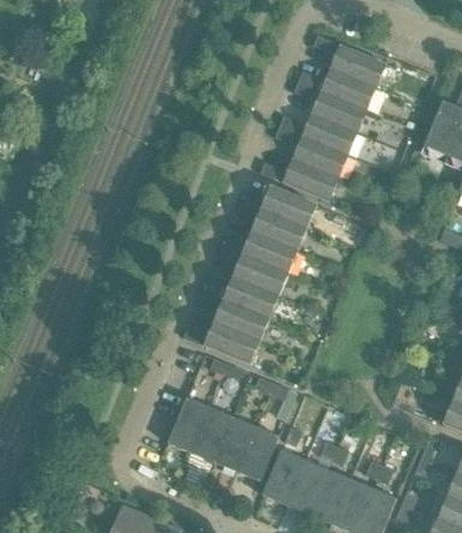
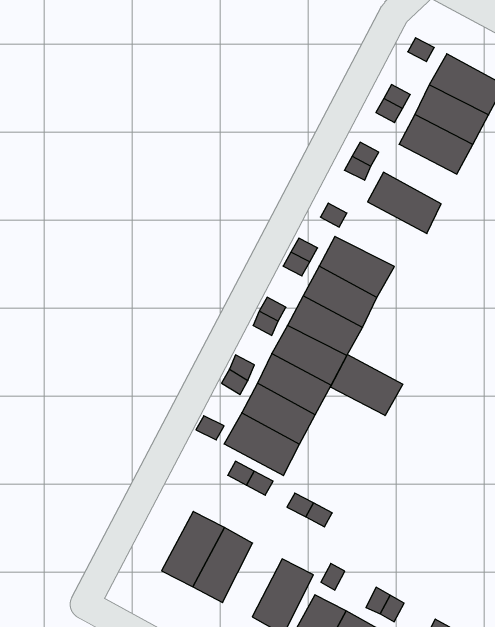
building: [301,113,355,154] -> none
building: [282,157,337,200] -> none
building: none -> [331,354,403,416]
building: [212,415,253,469] -> none

